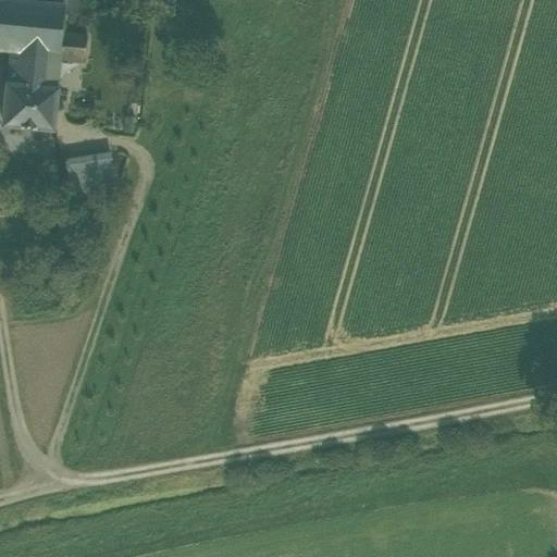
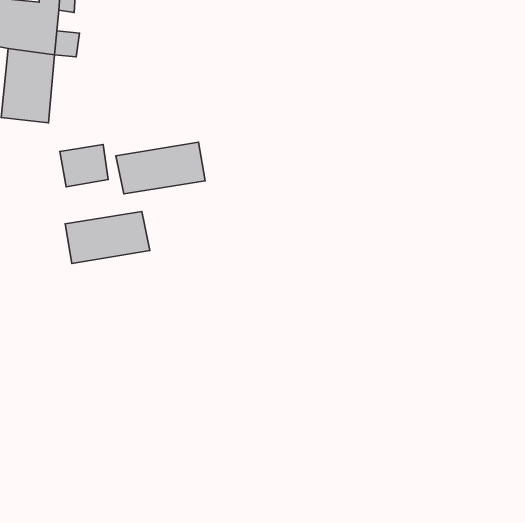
building: none -> [116,142,205,194]
building: none -> [65,212,150,264]

